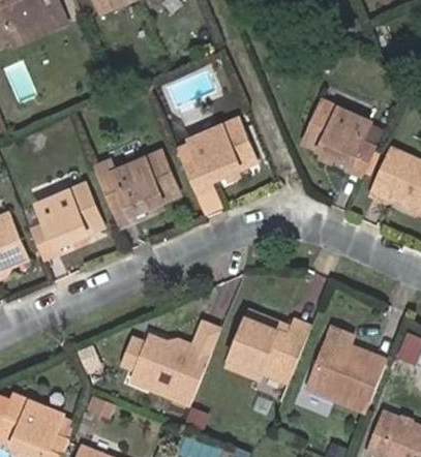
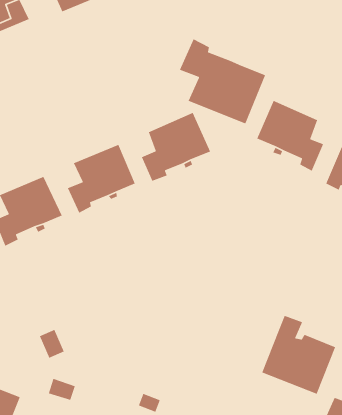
building: none -> [179,38,266,124]
building: [225,309,309,378] -> none
building: [130,332,209,402] -> none

